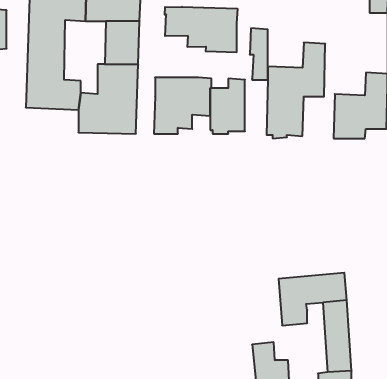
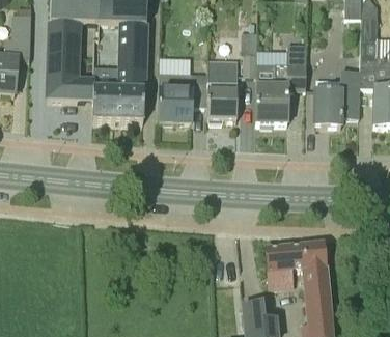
building: [165,7,237,52] -> none

